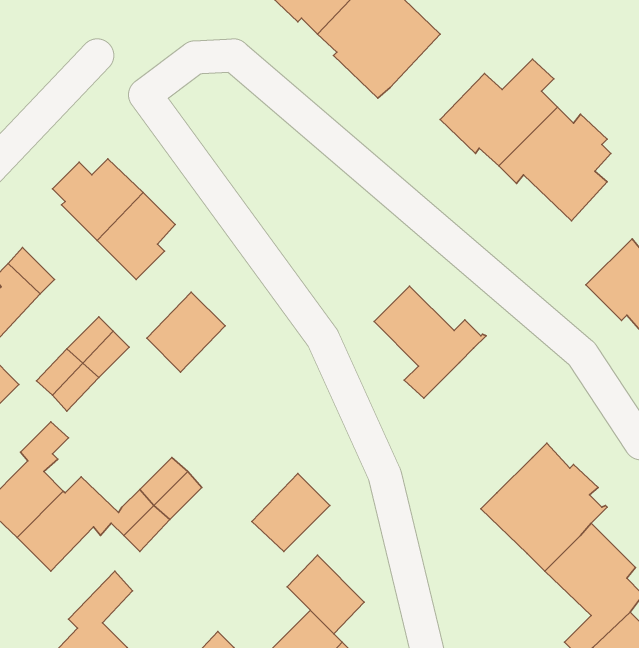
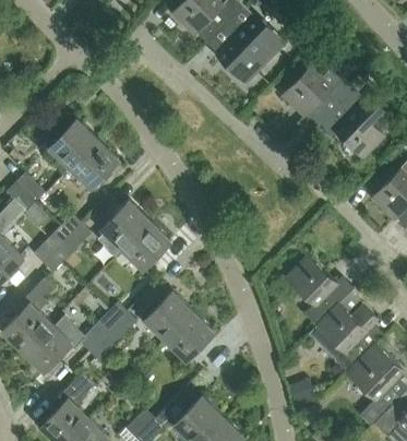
building: [374,286,486,398] -> [286,255,355,324]
building: none -> [122,222,170,270]
building: none -> [144,291,194,342]
building: [287,555,364,634] -> none

